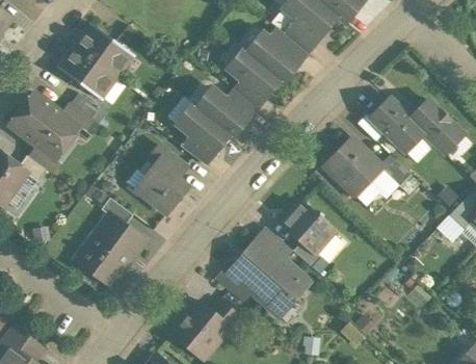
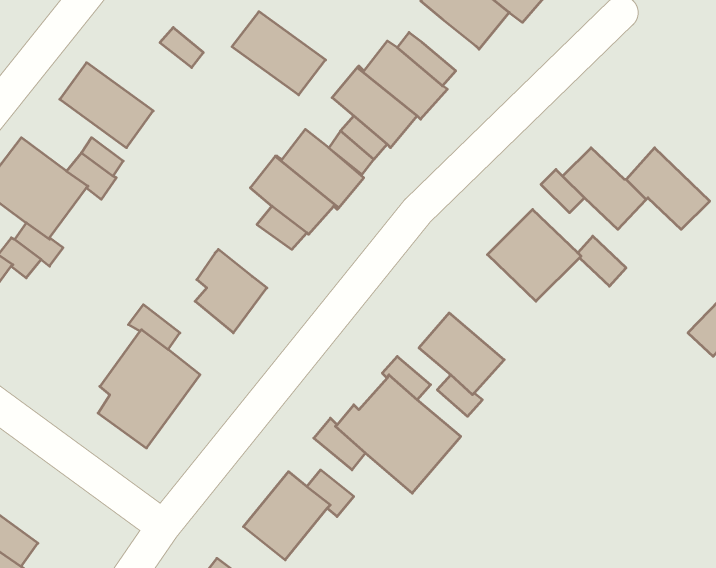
building: [283,20,316,52] -> none
building: [74,25,132,77] -> [232,12,326,95]
building: [148,146,186,180] -> none

